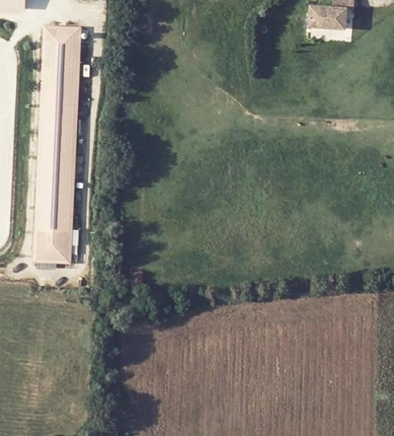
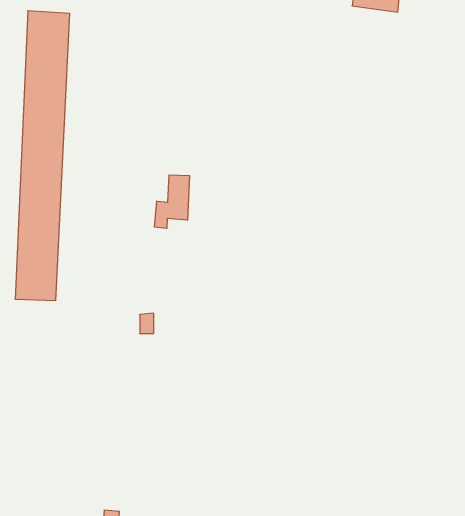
building: none -> [155,175,189,228]

